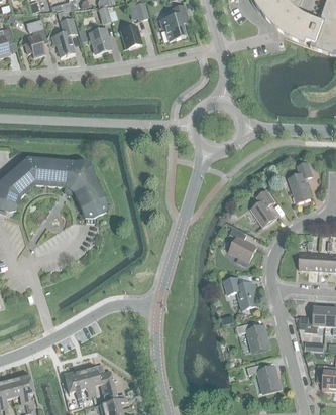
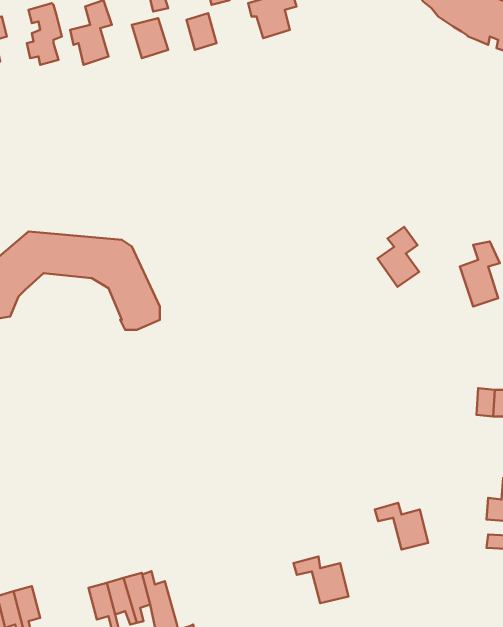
building: [250,189,275,226] -> [378,227,419,287]
building: [228,227,256,265] -> none
building: [223,276,258,309] -> none
building: [246,363,279,391] -> [293,557,348,603]

